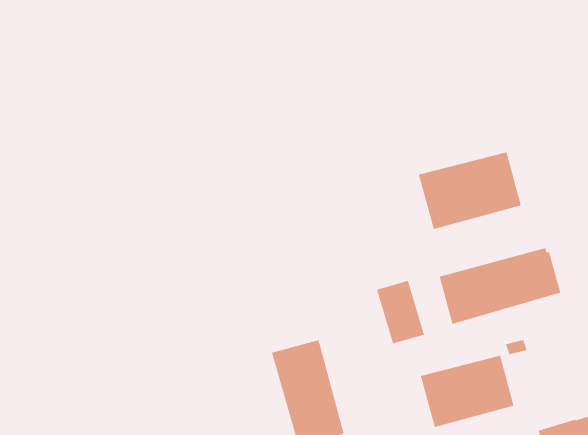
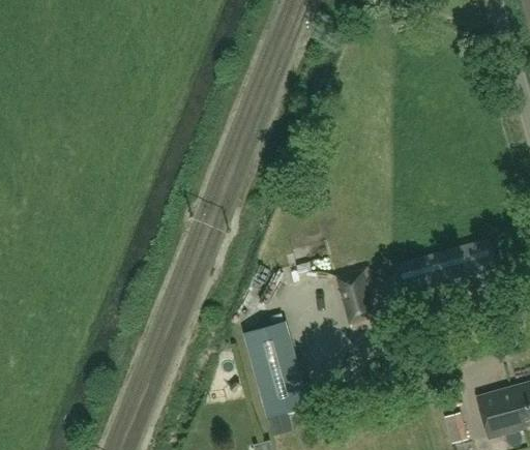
building: [418,151,521,230] -> none
building: [420,355,514,428] -> none

